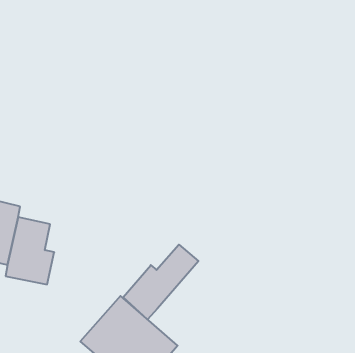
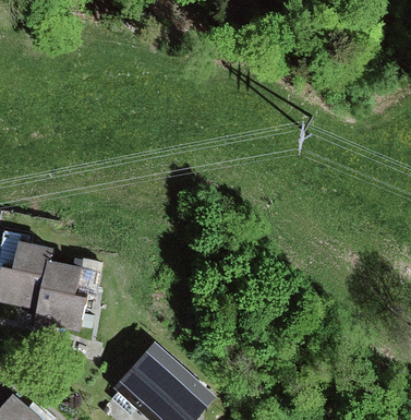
building: [123,245,198,319] -> none

